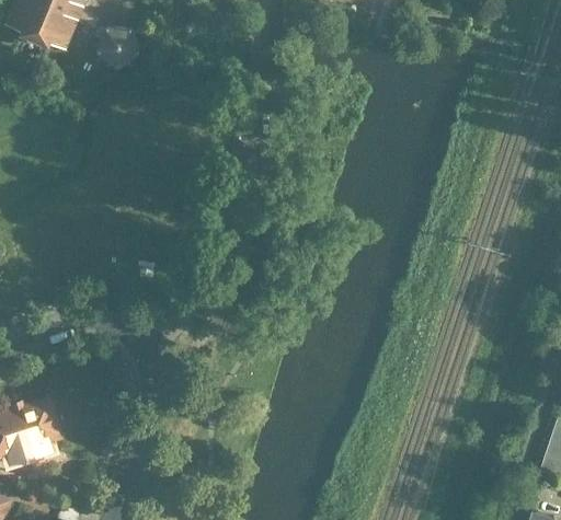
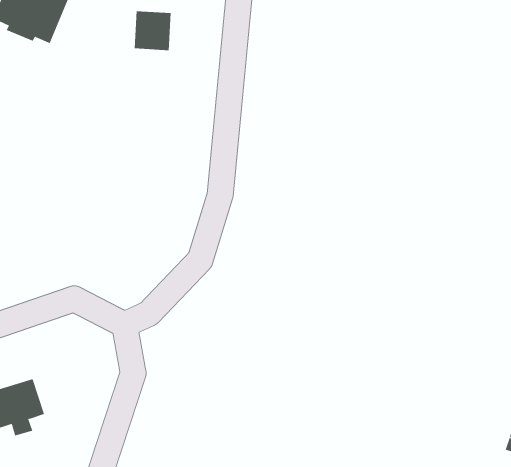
building: [100,25,139,67] -> [134,11,172,51]

